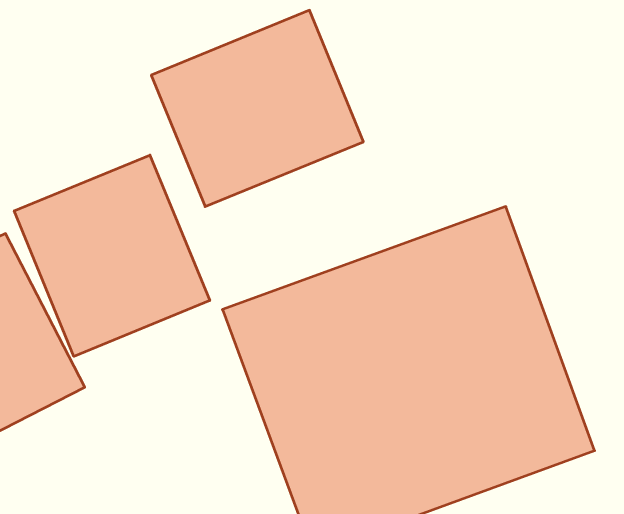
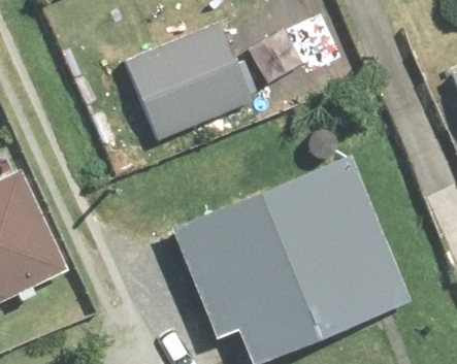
building: [14,155,210,356] -> none

